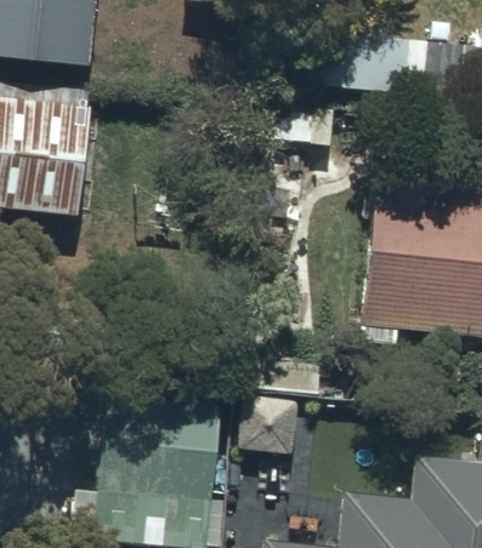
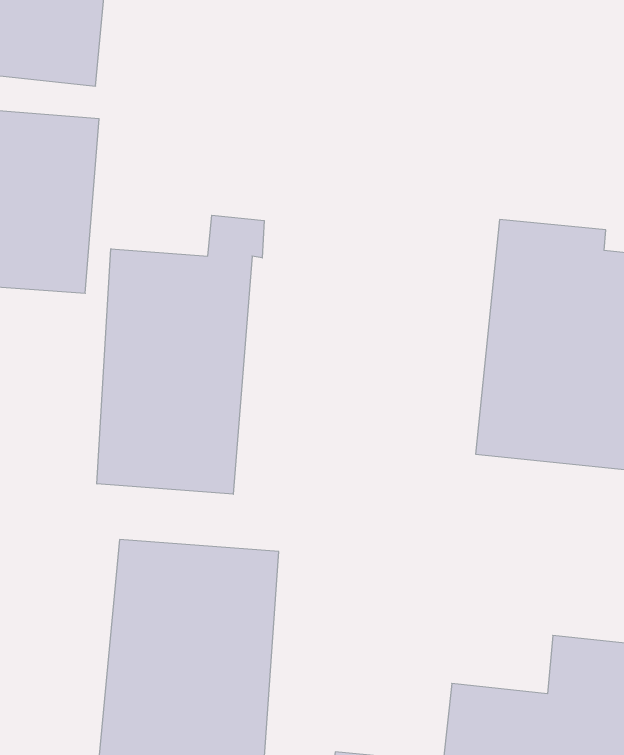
building: none -> [97,215,264,494]

